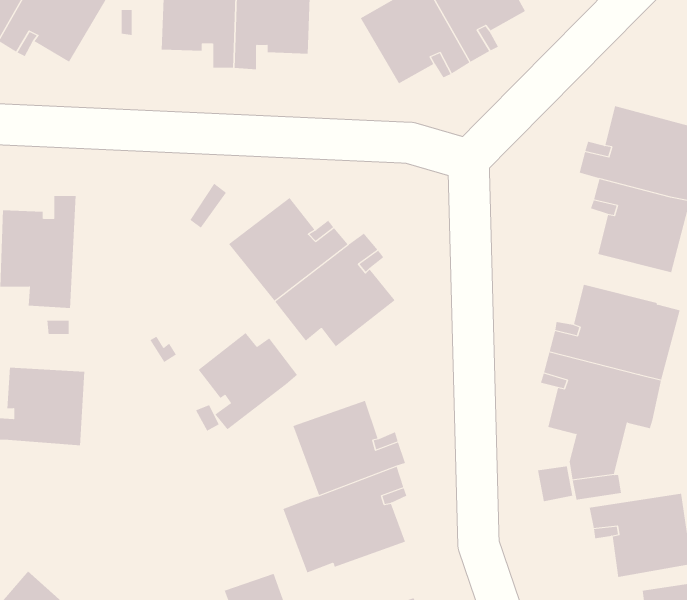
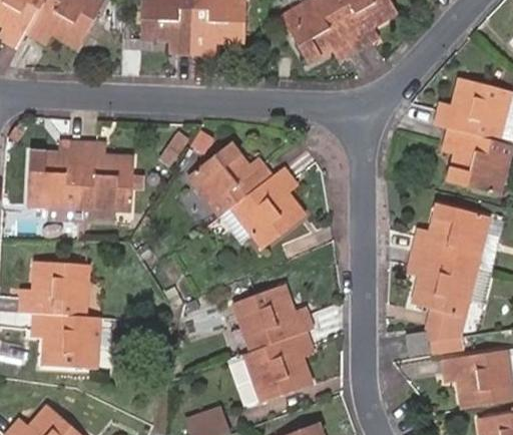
building: none -> [78,141,133,222]
building: [198,332,298,430] -> none
building: none -> [33,313,99,369]

